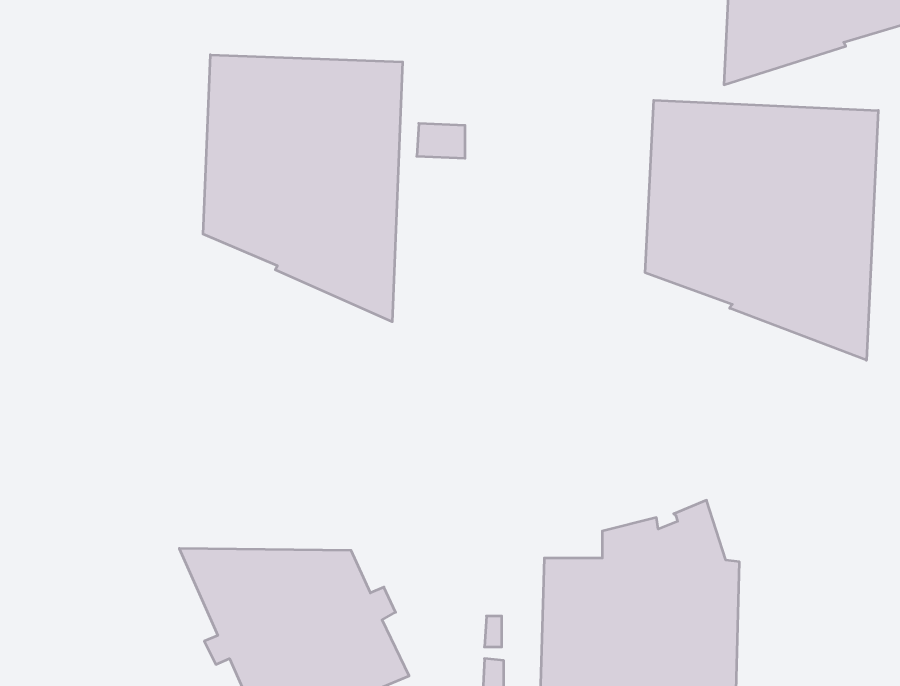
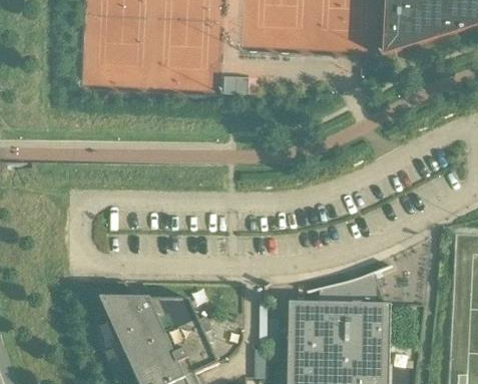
building: [203,55,403,322] -> none
building: [645,100,878,360] -> none

